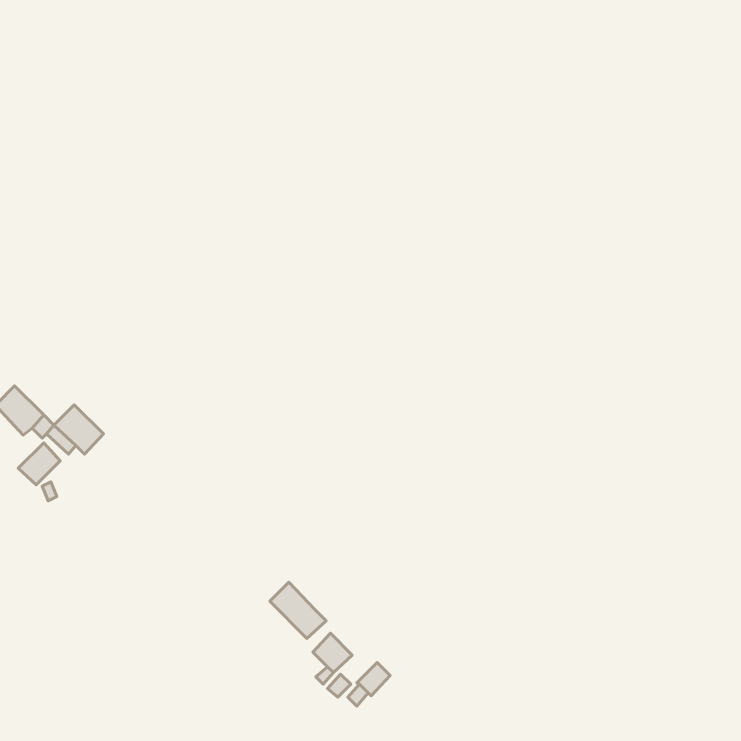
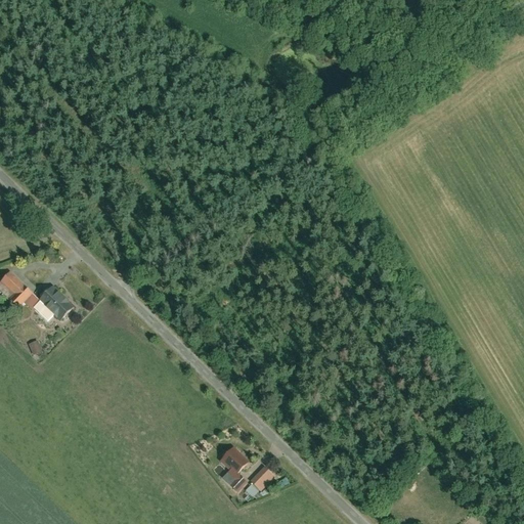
building: [18,443,60,485] -> none
building: [270,582,326,638] -> none

